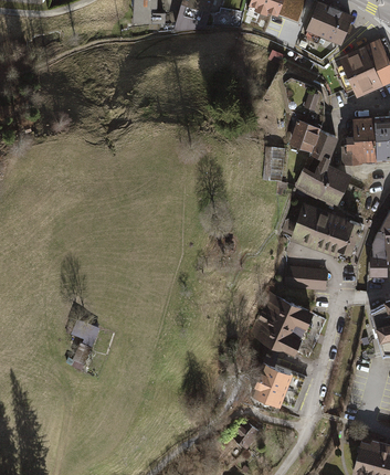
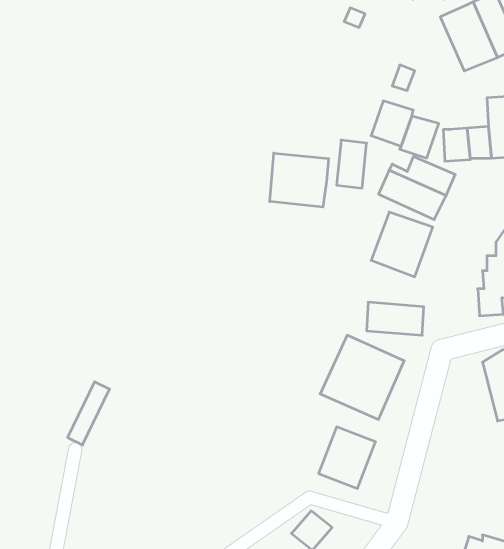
building: [346,117,375,140] -> none
building: none -> [270,153,329,207]
building: [320,212,362,257] -> none

